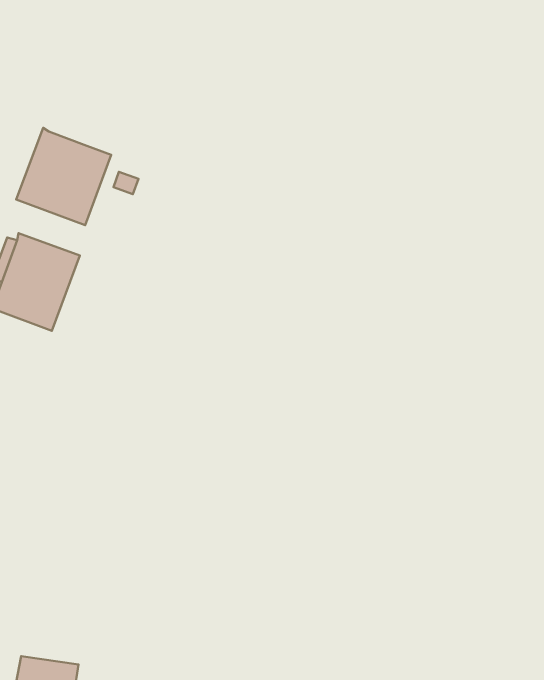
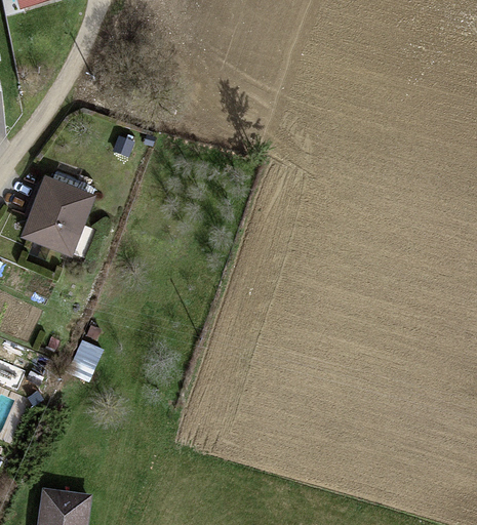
building: [16,128,111,225] -> none

